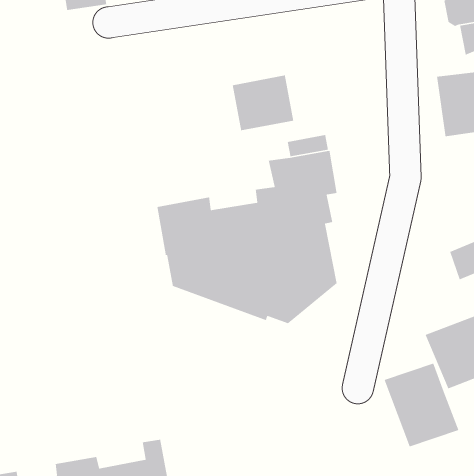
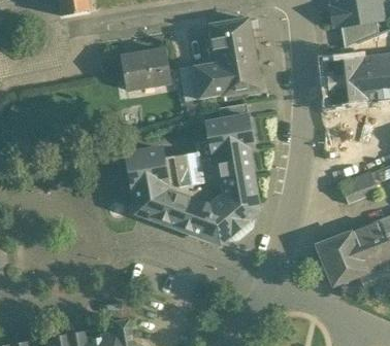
building: none -> [210,18,260,94]
building: none -> [121,49,170,89]
building: [384,362,459,448] -> none

